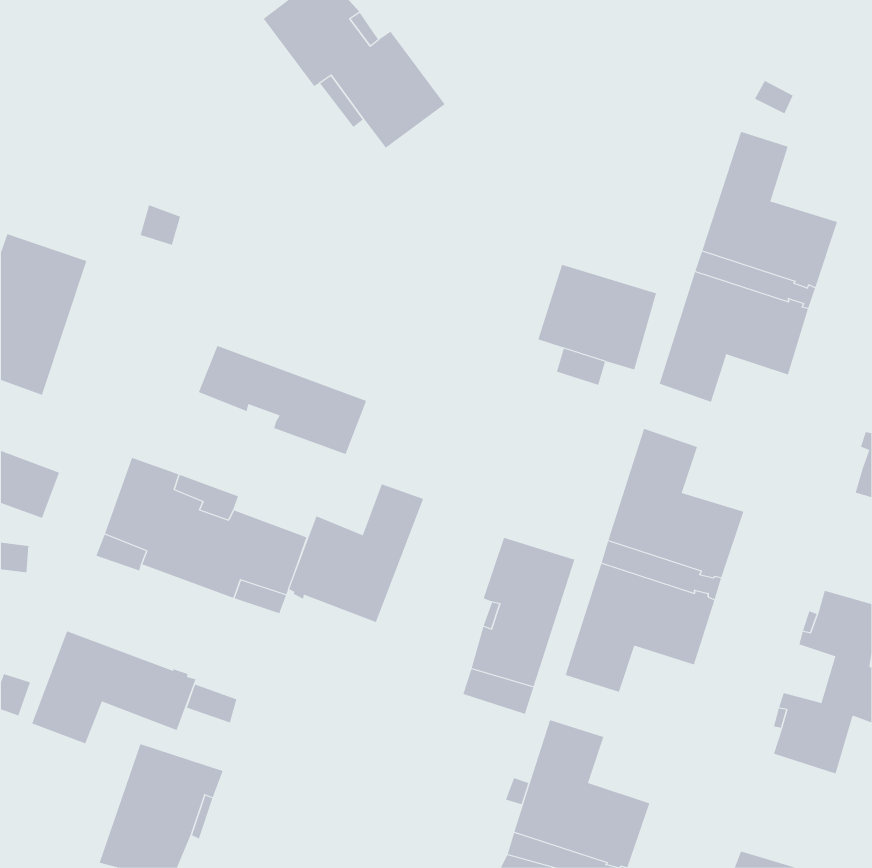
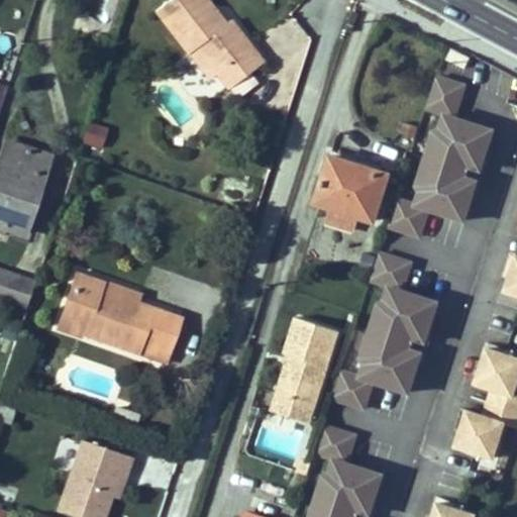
building: [198,345,367,455] -> none
building: [289,483,424,623] -> none
building: [32,631,196,744] -> none

